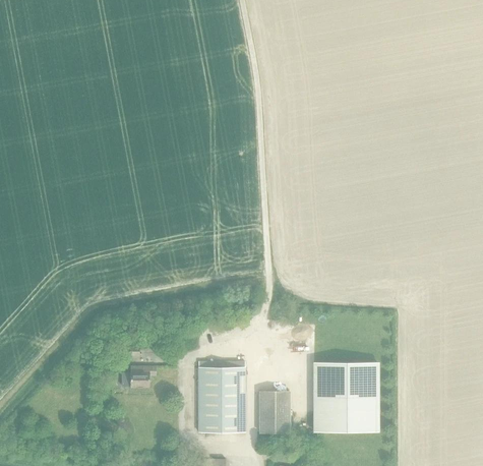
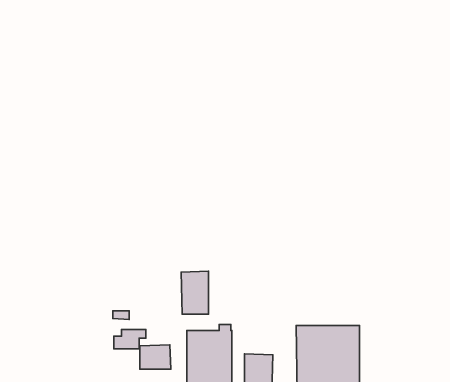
building: none -> [181,271,209,314]
building: none -> [140,345,171,369]

